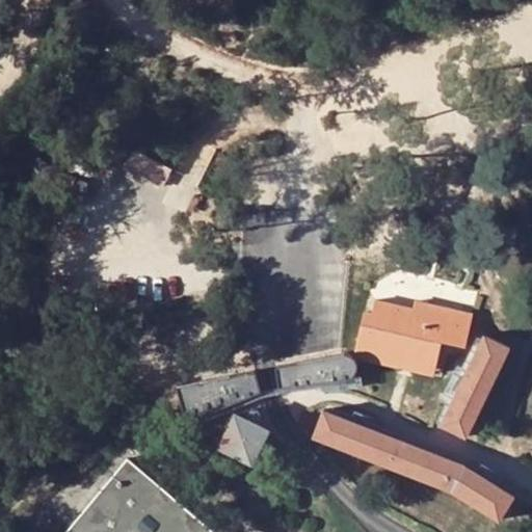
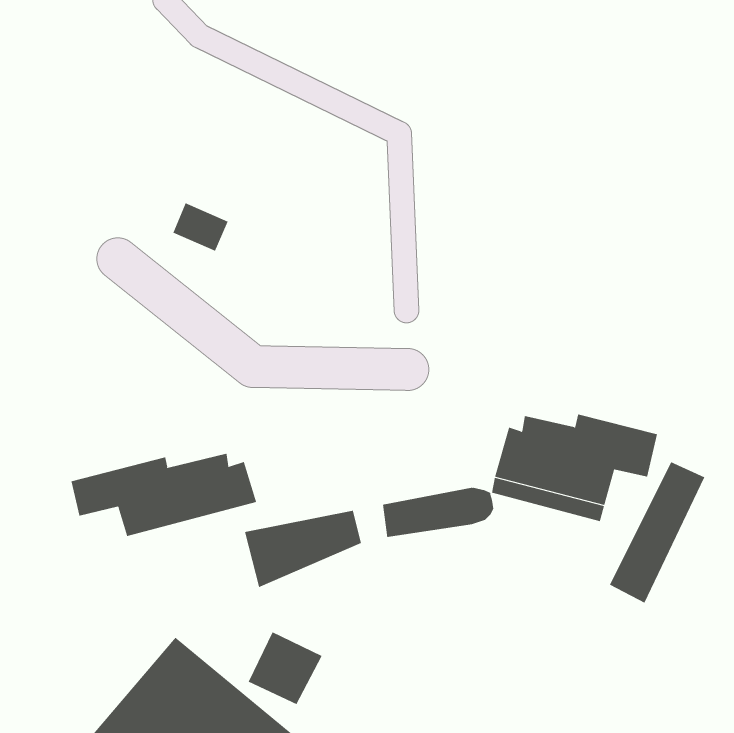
building: none -> [71,453,257,537]
building: [311,409,514,523] -> none
building: [216,415,270,468] -> [248,631,323,705]

